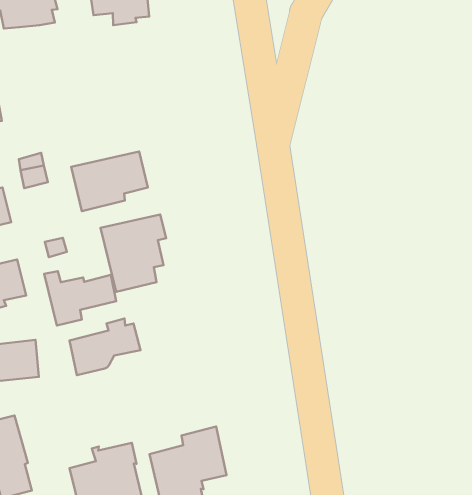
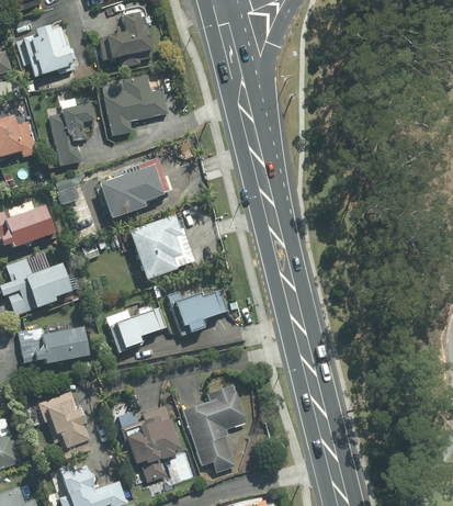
building: none -> [102,74,169,135]
building: none -> [49,97,94,166]
building: [44,271,116,325] -> [168,290,228,335]

